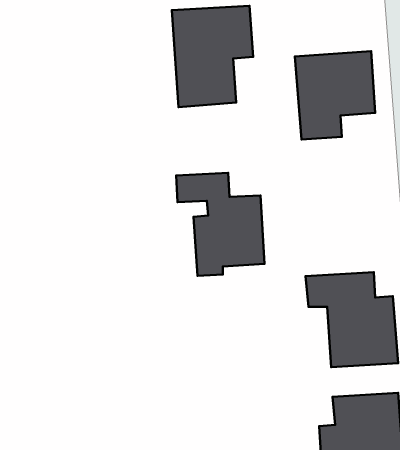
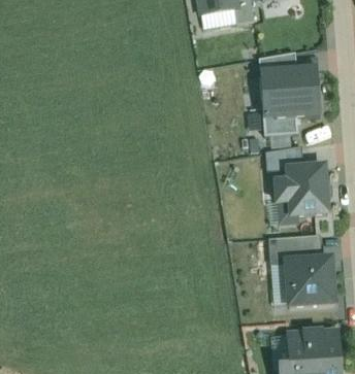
building: [172,6,253,107] -> none
building: [176,173,264,276] -> [262,145,330,225]

